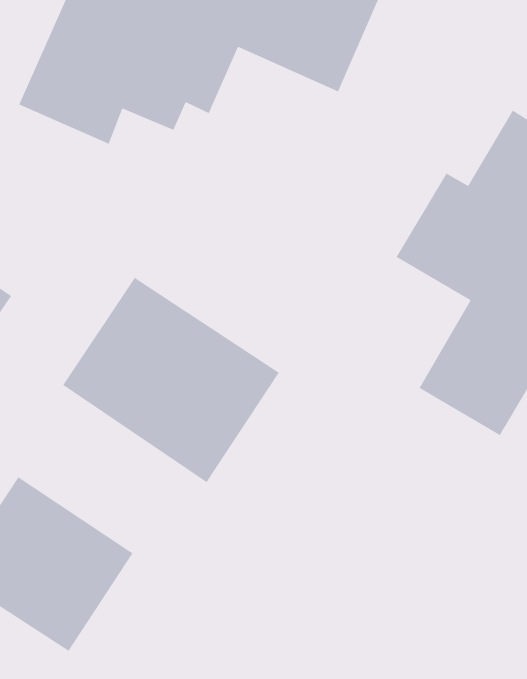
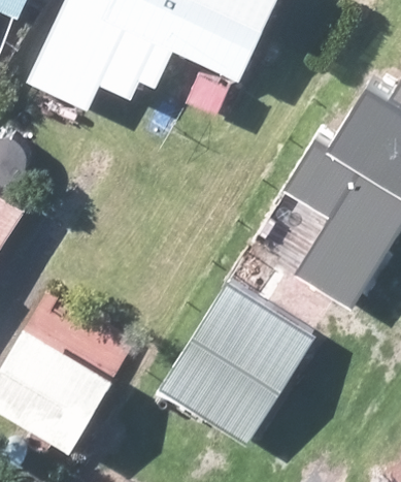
building: [62,277,280,483] -> none
building: none -> [165,280,314,438]

